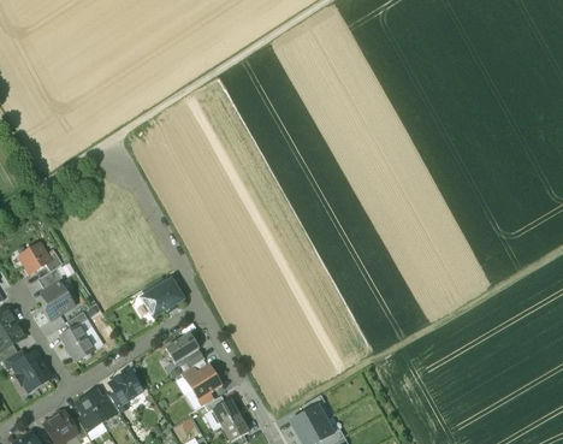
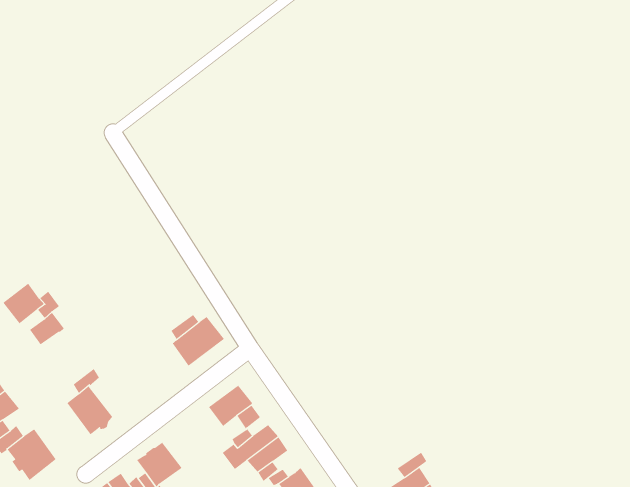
building: [41,283,73,318] -> none

